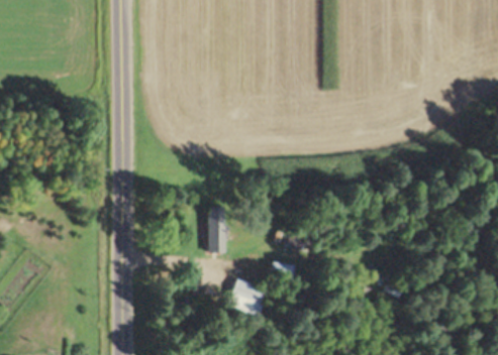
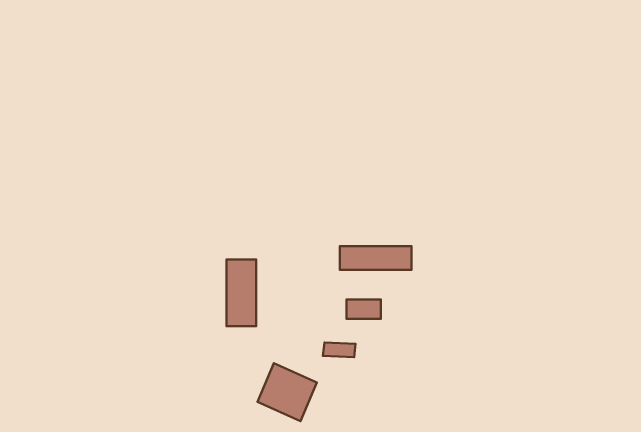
building: none -> [340,246,412,270]

